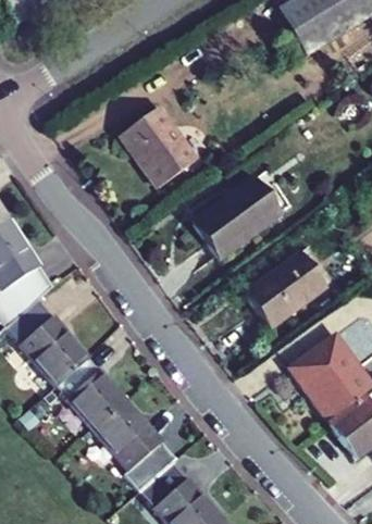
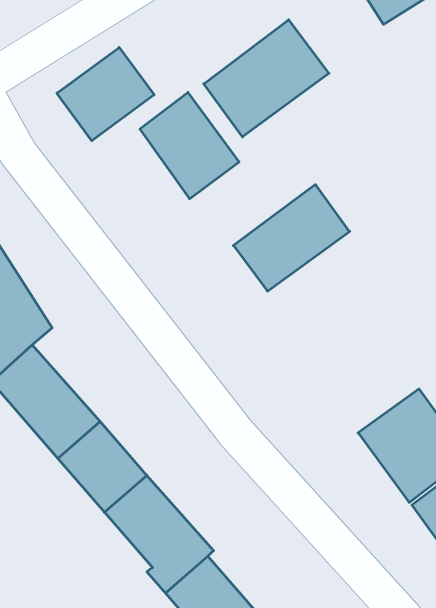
building: none -> [204,20,329,137]
building: none -> [57,47,154,141]
building: [244,251,327,328] -> none

